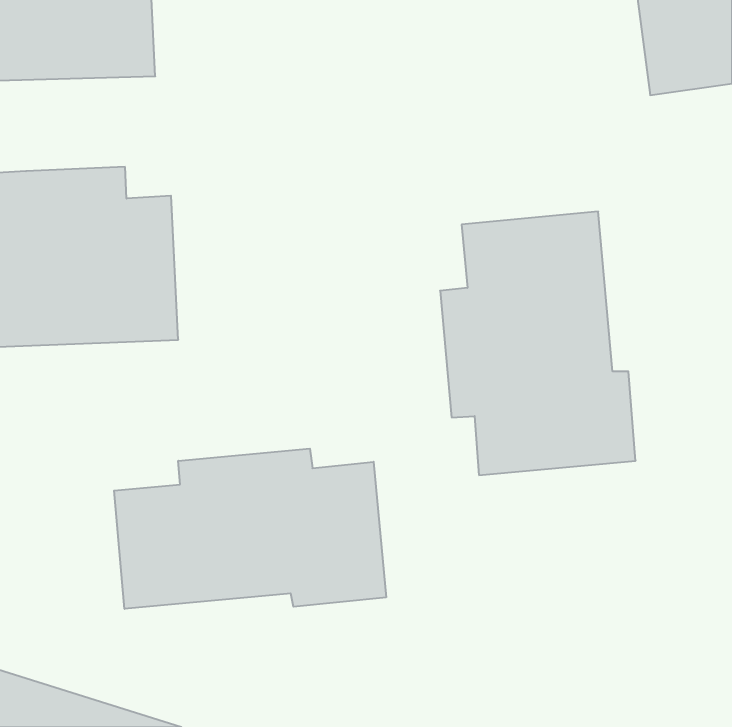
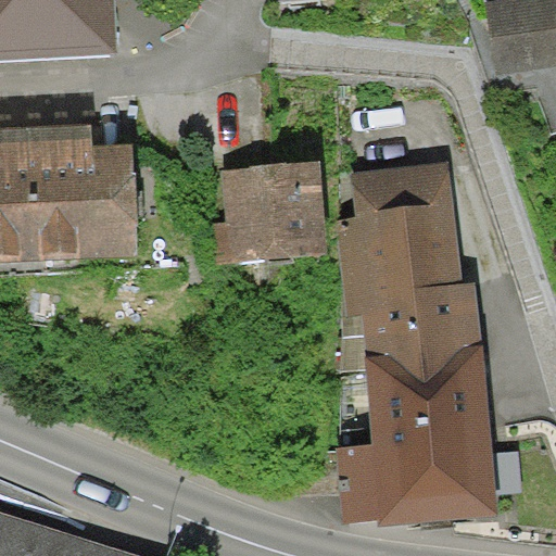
building: none -> [215,162,325,262]
building: [114,449,386,609] -> none
building: none -> [334,348,496,528]

